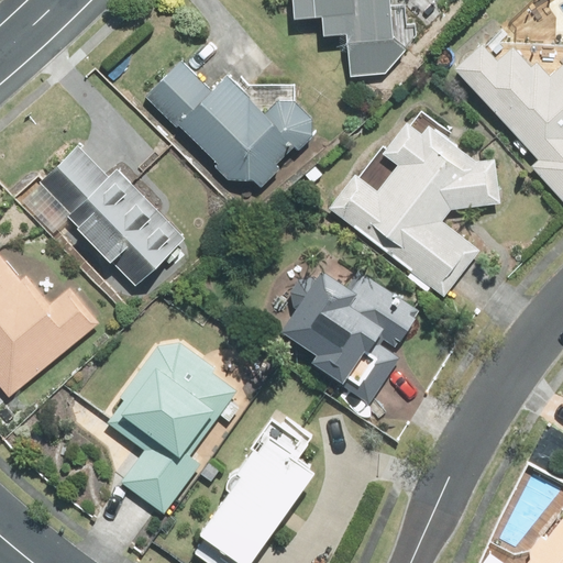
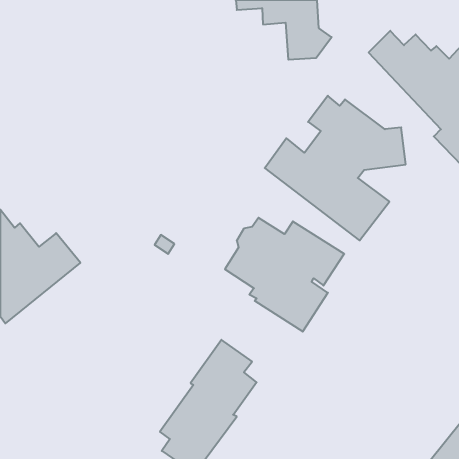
building: [148,60,313,188] -> none
building: [38,146,184,288] -> none
building: [109,342,241,512] -> none

